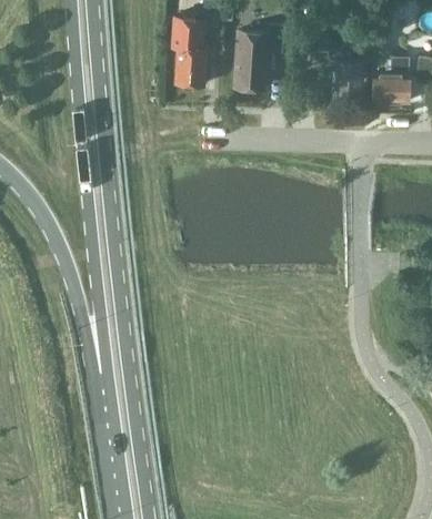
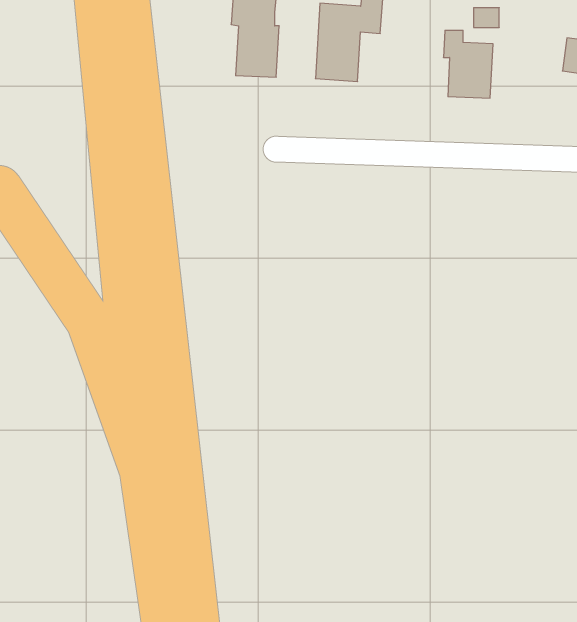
building: [373,42,411,103] -> none

